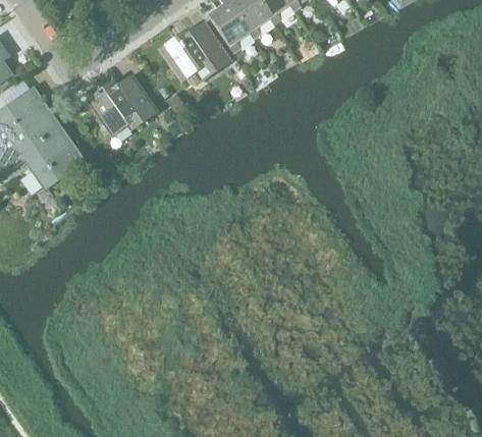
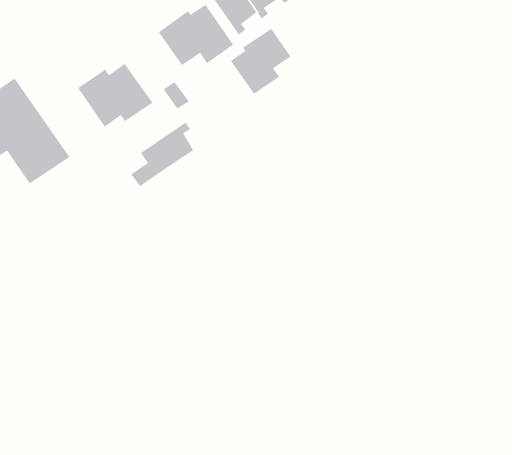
building: none -> [230,28,291,95]
building: none -> [130,121,195,187]

